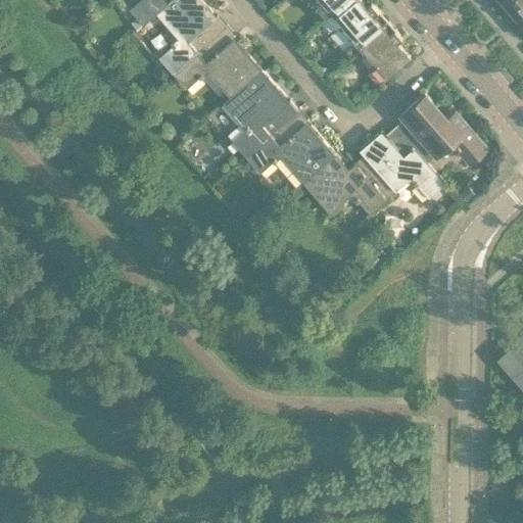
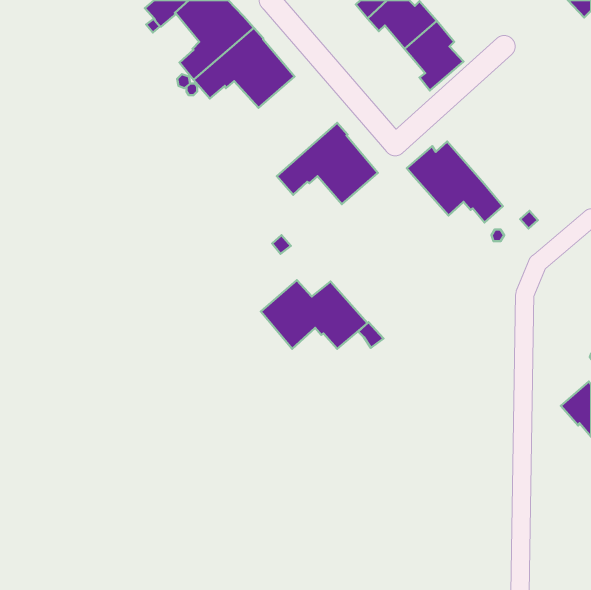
building: [222,69,297,157] -> none
building: [394,93,484,164] -> none
building: [301,154,395,215] -> [261,280,367,349]

